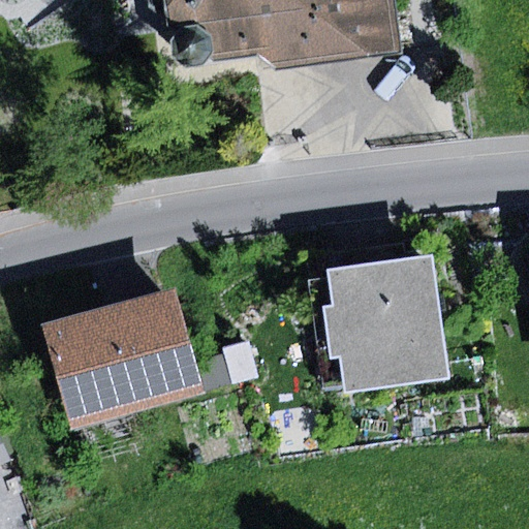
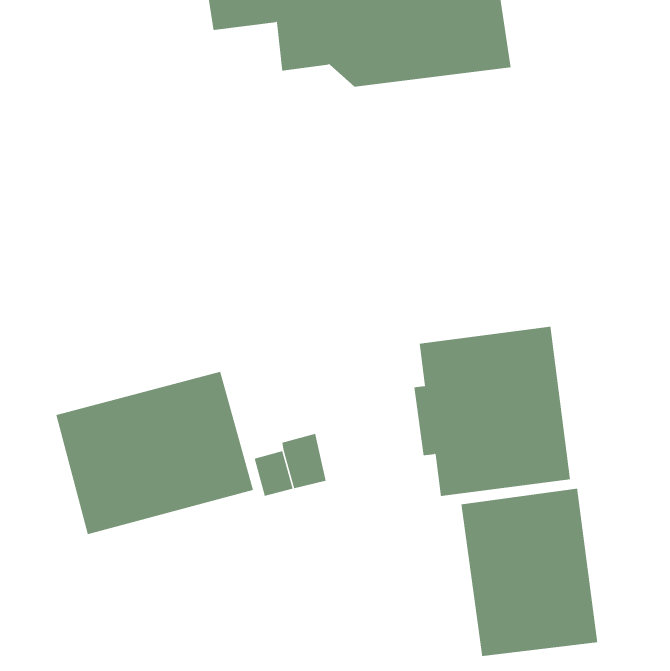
building: none -> [461,488,598,657]

